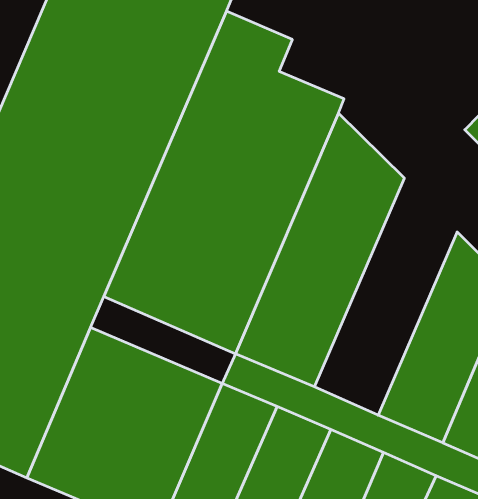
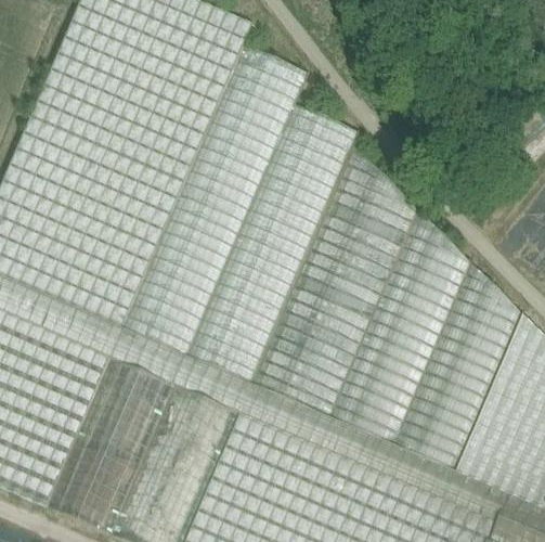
building: none -> [330,215,471,449]
building: none -> [109,332,252,417]

